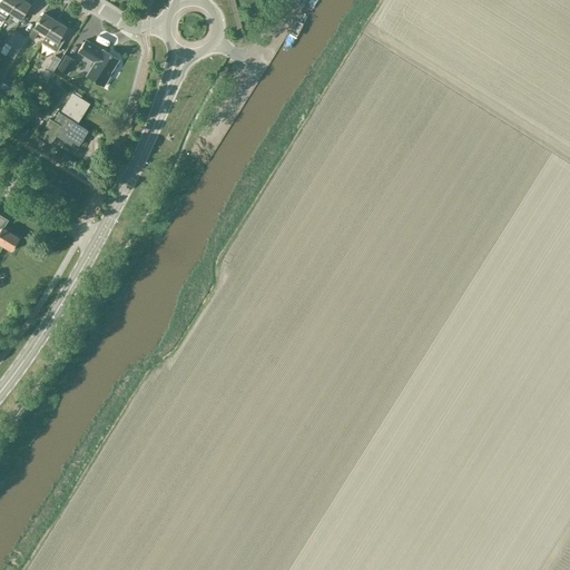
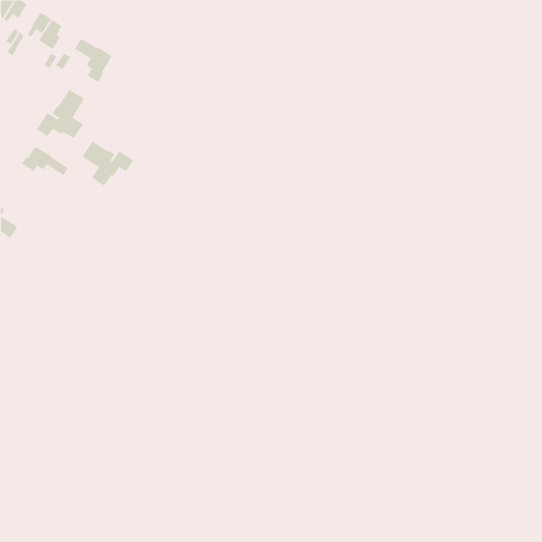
building: none -> [82,141,134,186]
building: none -> [21,146,69,176]

